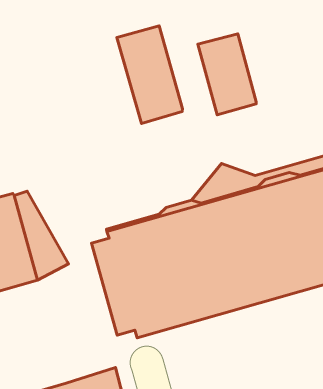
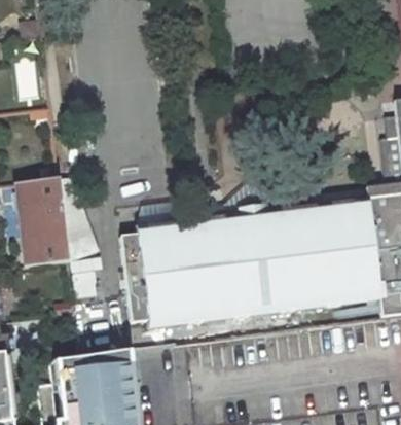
building: [117,26,182,124] -> none
building: [198,34,256,115] -> none

